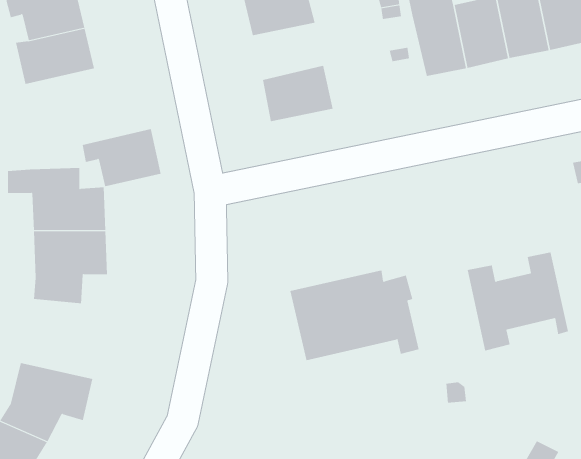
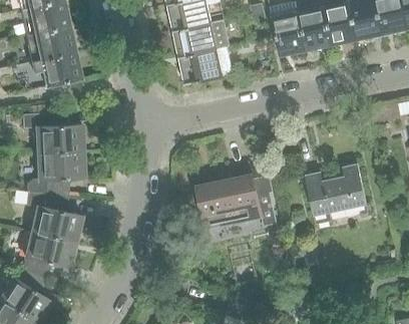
building: none -> [173,19,232,57]
building: [82,128,161,187] -> [33,50,82,86]
building: none -> [30,193,82,242]

